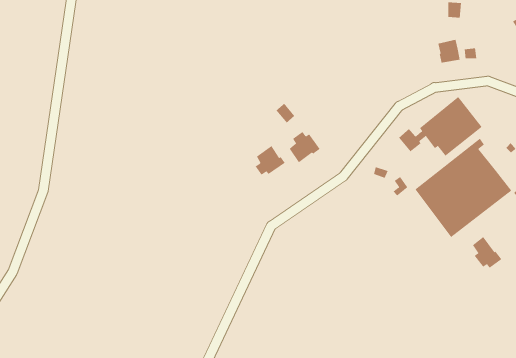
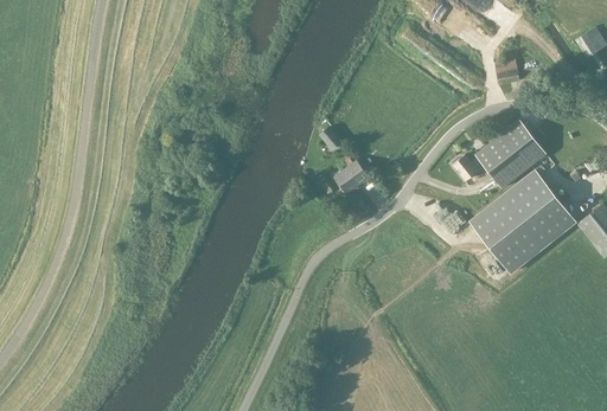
building: [255,145,285,176] -> none
building: [472,236,502,269] -> none

